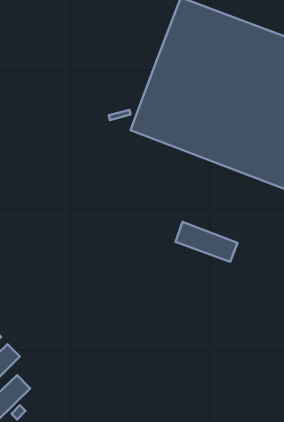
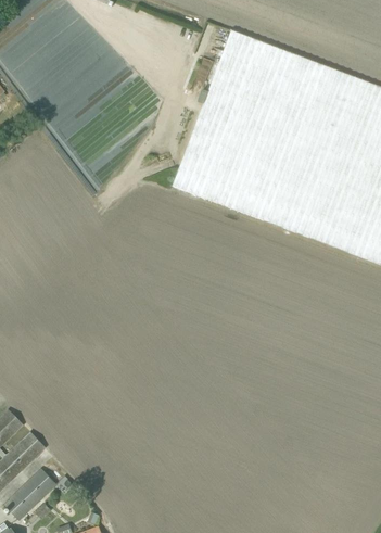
building: [176,222,238,262] -> none

